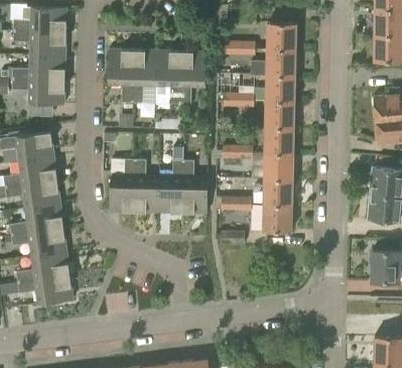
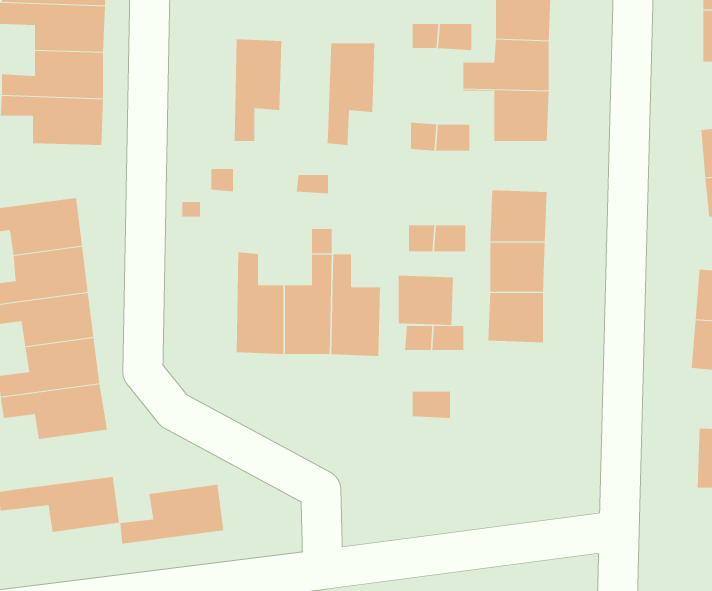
building: [108,50,133,103] -> none
building: [156,51,182,104] -> none
building: [265,103,294,129] -> none
building: [110,160,134,212] -> none
building: [263,206,292,232] -> [398,275,454,325]
building: [16,252,70,283] -> [119,484,224,544]

